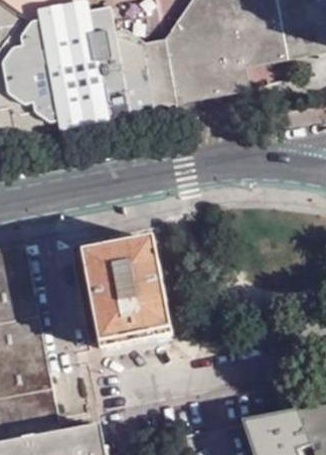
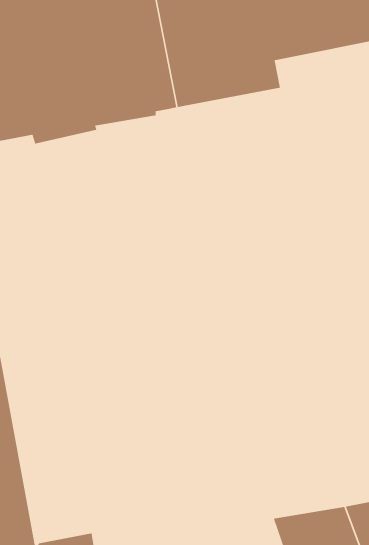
building: [83,241,171,345] -> none

